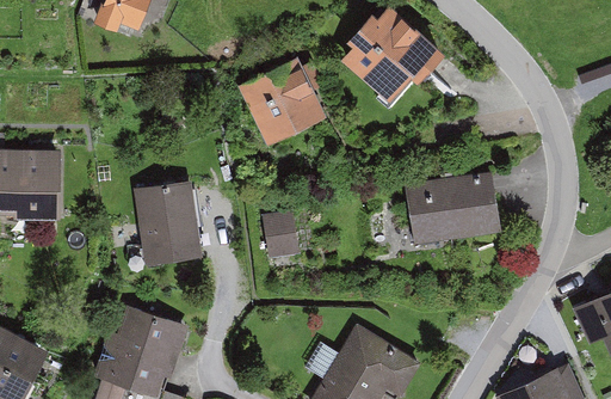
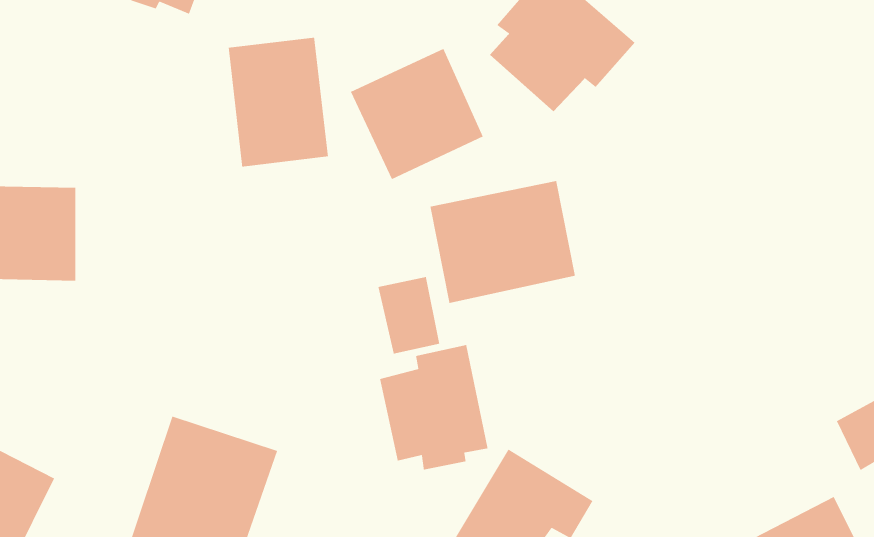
building: [406,164,506,248] -> [430,180,576,304]
building: [137,180,206,270] -> [228,37,329,167]
building: none -> [379,344,489,470]

